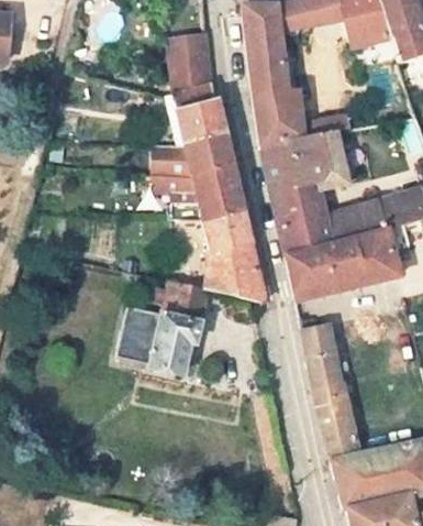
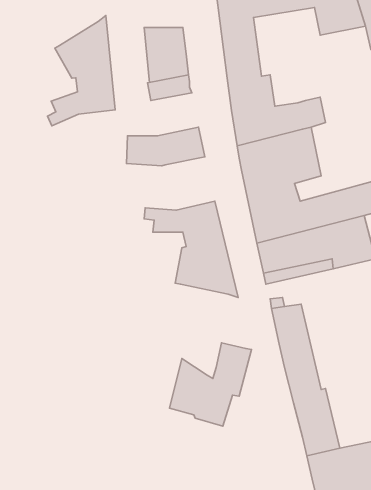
building: none -> [48,15,115,126]
building: [178,103,225,146] -> none
building: [151,167,242,220] -> none
building: [126,287,208,370] -> [170,343,251,426]

